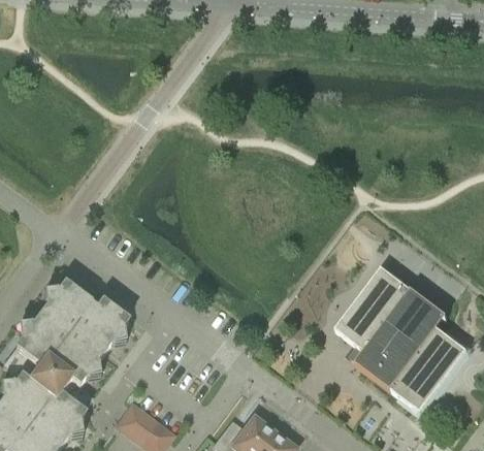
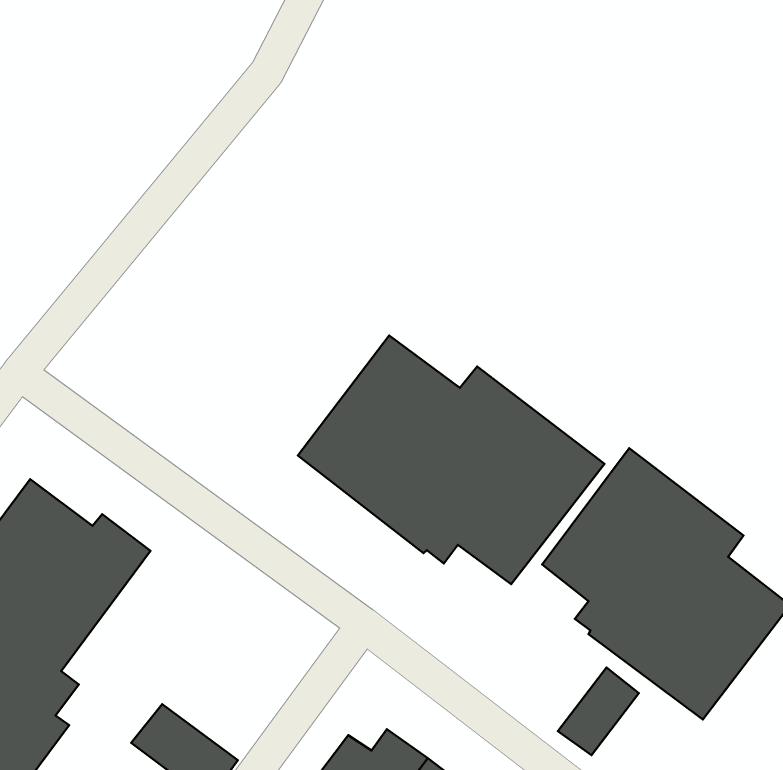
building: none -> [298,335,605,584]
building: none -> [558,667,639,755]

